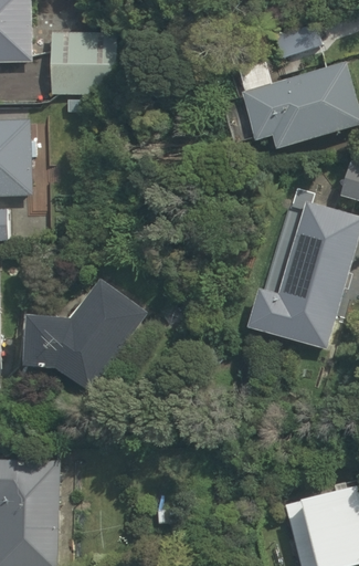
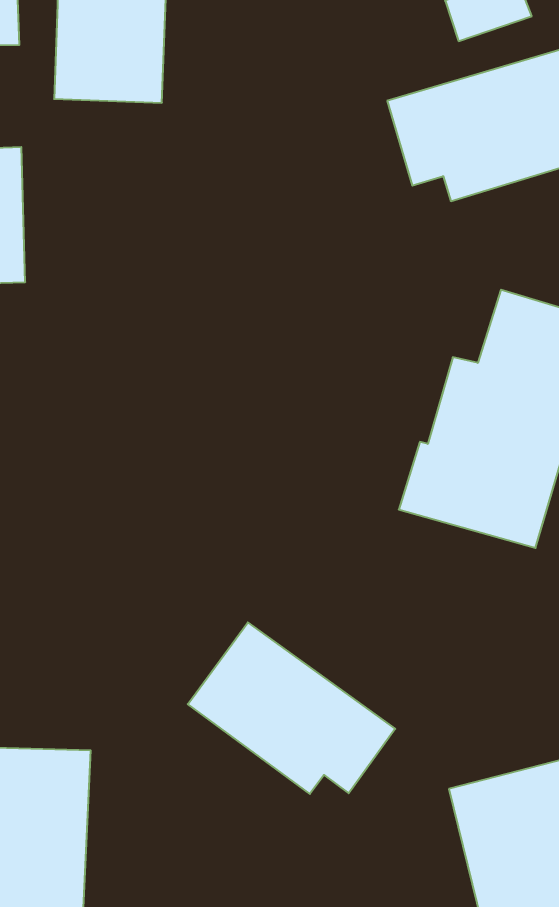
building: [22,280,145,391] -> none
building: none -> [188,622,395,794]

